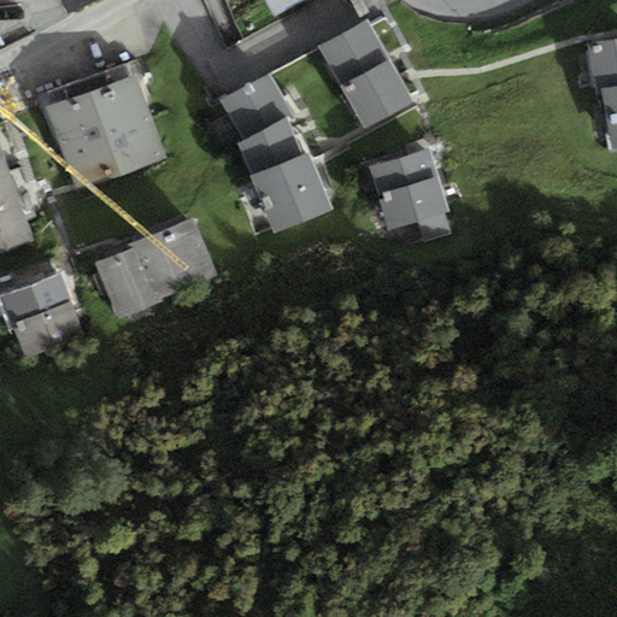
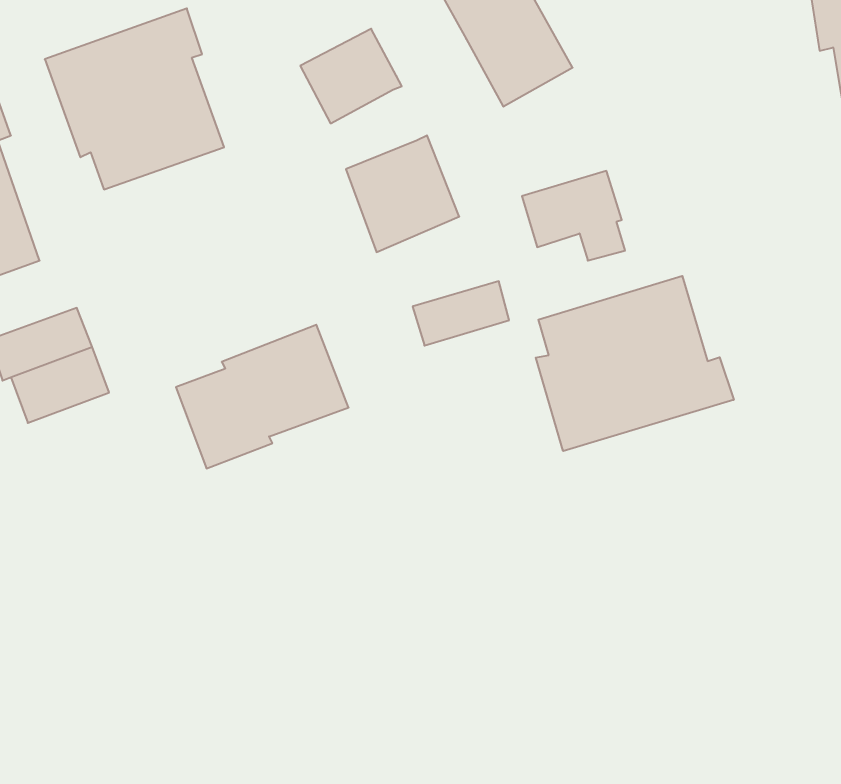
building: [237,118,302,175] -> none
building: [369,148,437,194] -> [413,281,509,346]
building: [95,217,218,319] -> [176,325,349,468]
building: none -> [536,276,734,451]

